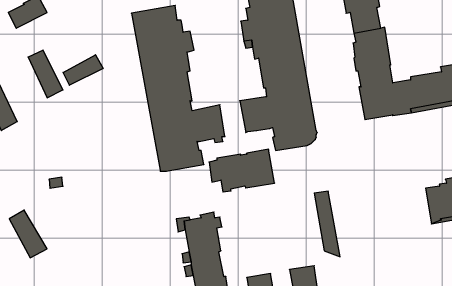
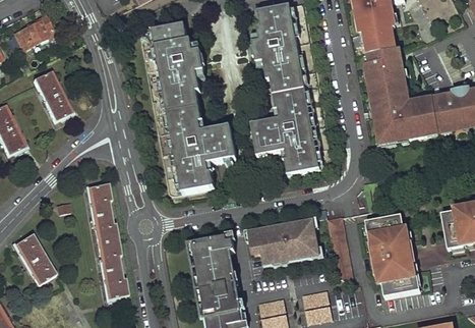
building: [63,55,103,85] -> none
building: [209,149,275,192] -> [251,221,318,265]
building: none -> [87,185,126,296]
building: none -> [365,214,420,296]

